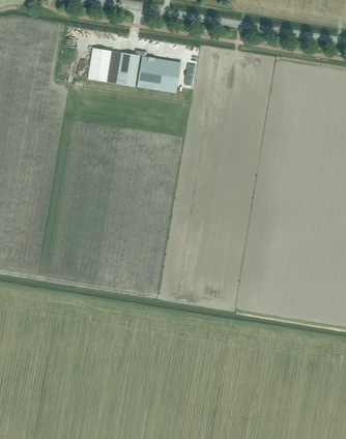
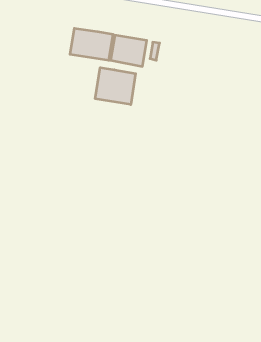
building: none -> [95,68,136,105]

